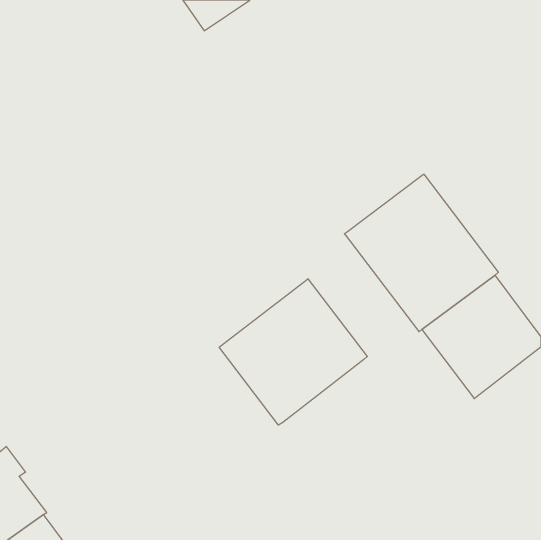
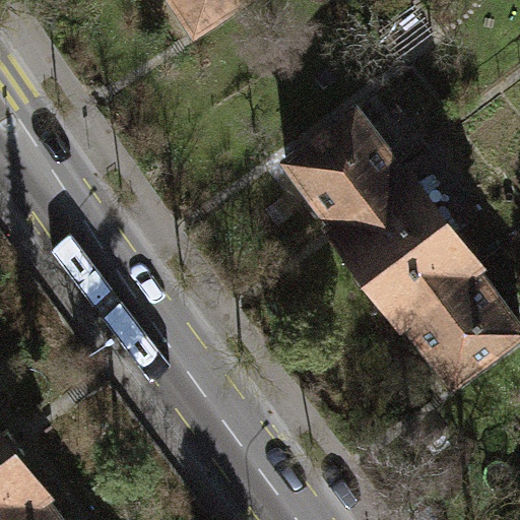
building: none -> [284,108,402,224]
building: [219,279,367,425] -> none

